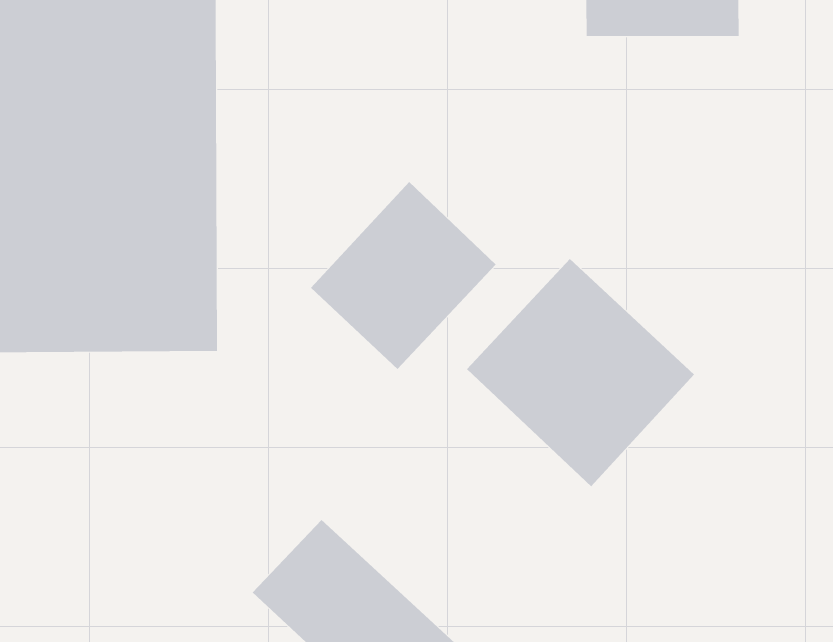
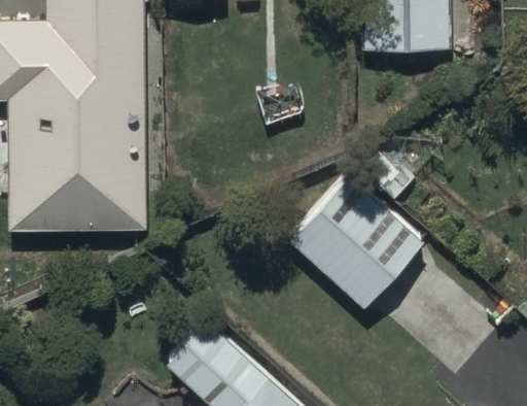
building: [310,181,497,370] -> none

